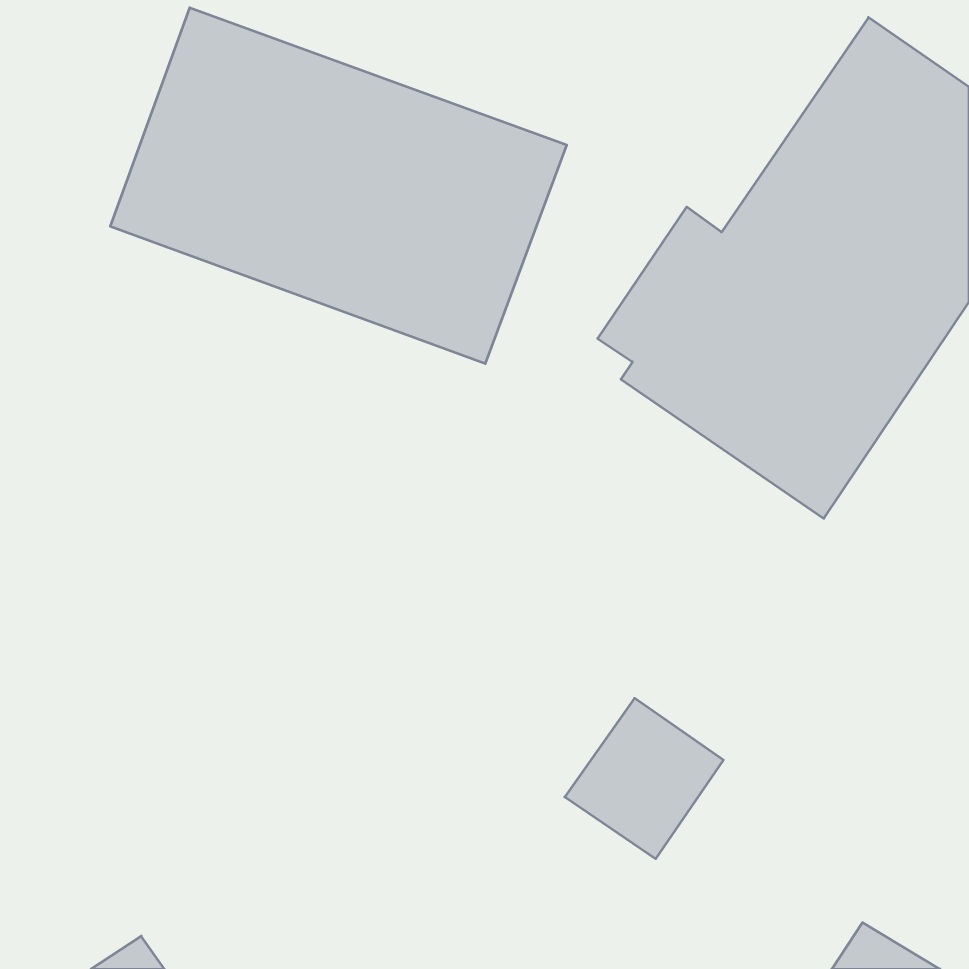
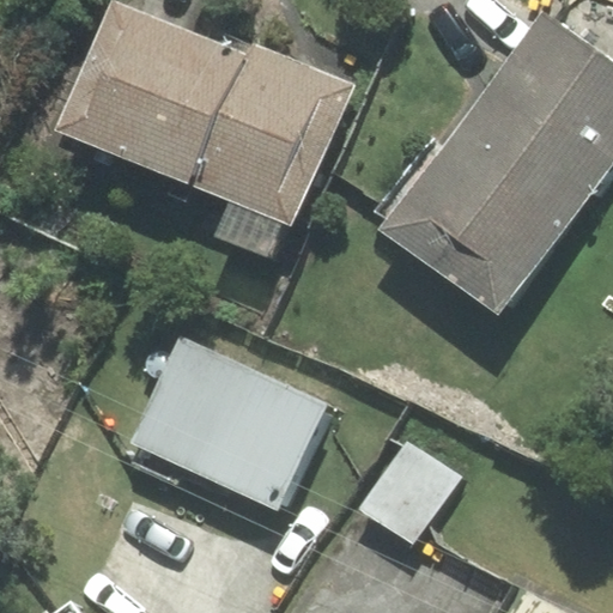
building: none -> [125,330,335,514]

